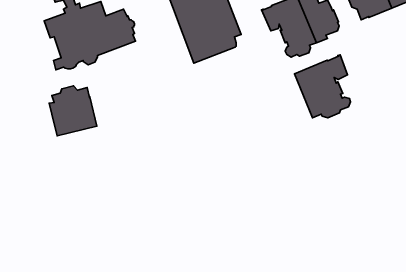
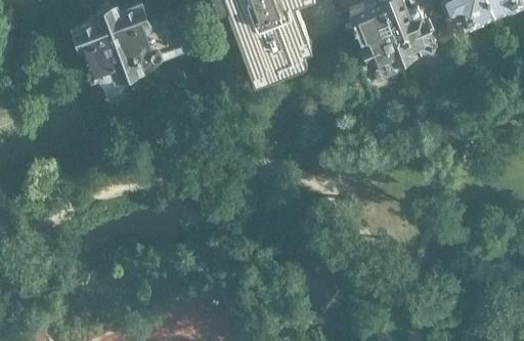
building: [294,55,351,118] -> none
building: [49,86,97,136] -> none

